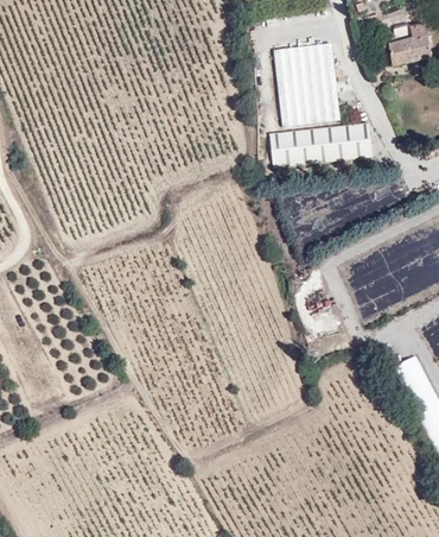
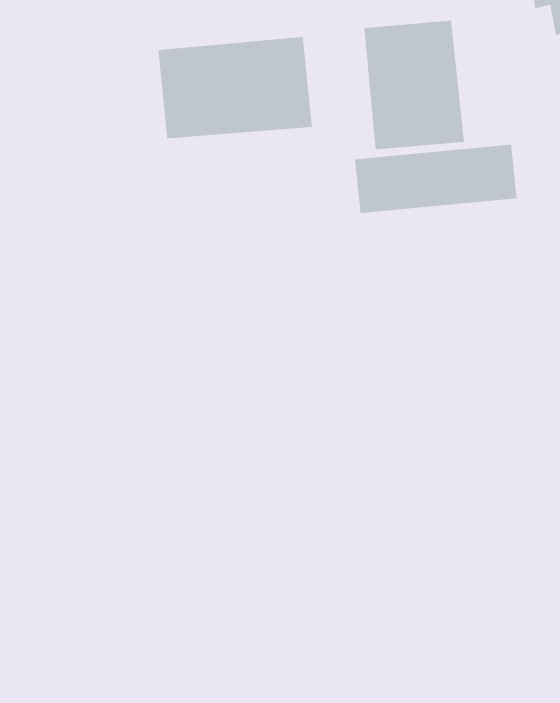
building: none -> [158,36,312,139]

